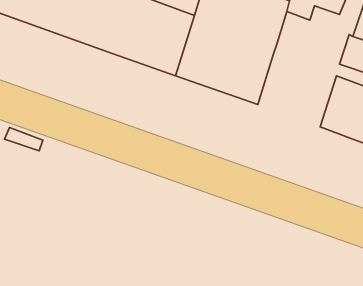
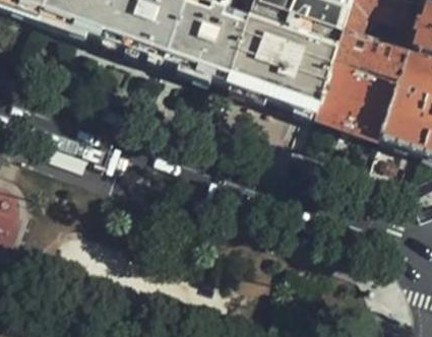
building: none -> [338,15,415,71]
building: none -> [318,61,402,137]

